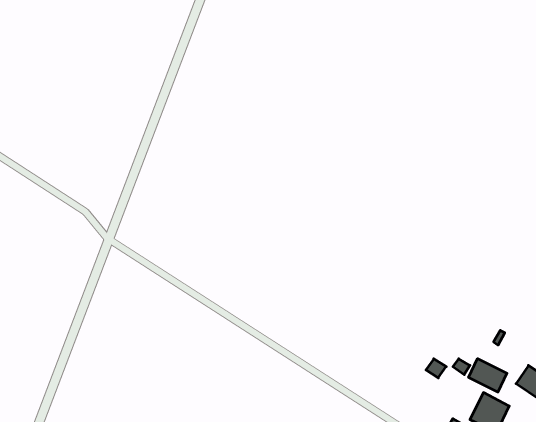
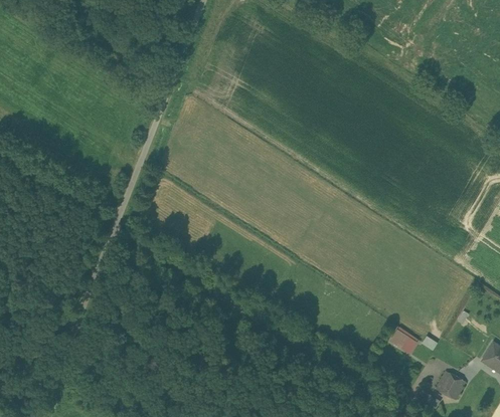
building: [469,359,507,392] -> none

